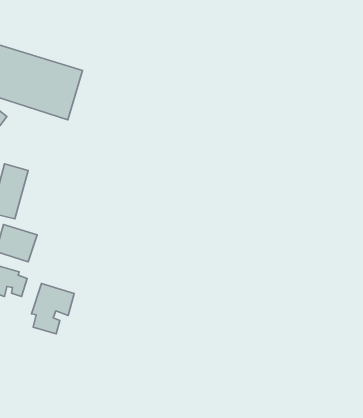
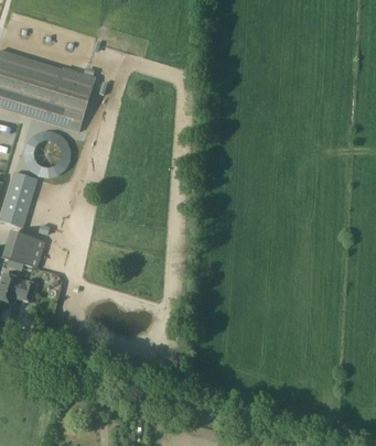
building: none -> [23,128,71,173]
building: [32,283,74,334] -> none

